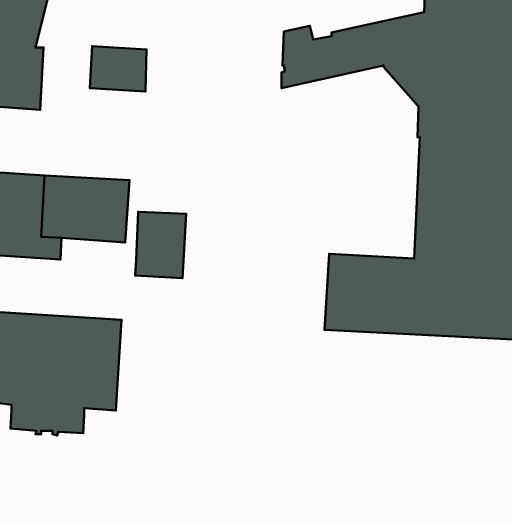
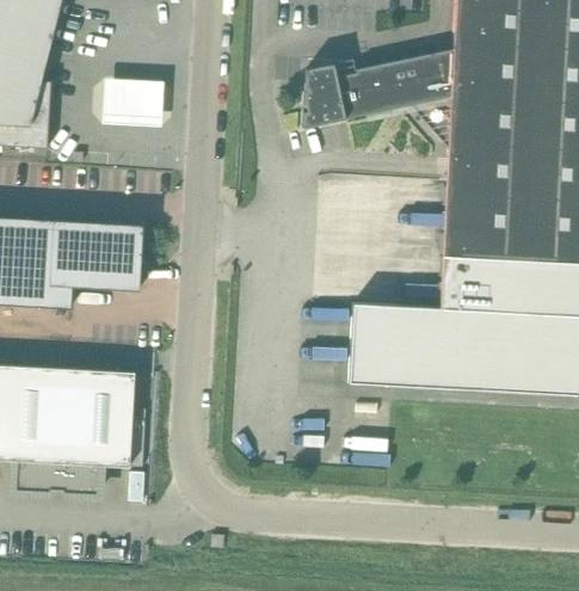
building: [135,212,186,278] -> none

